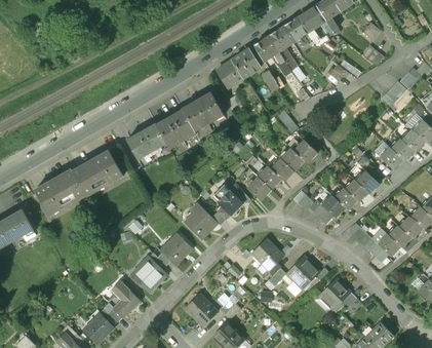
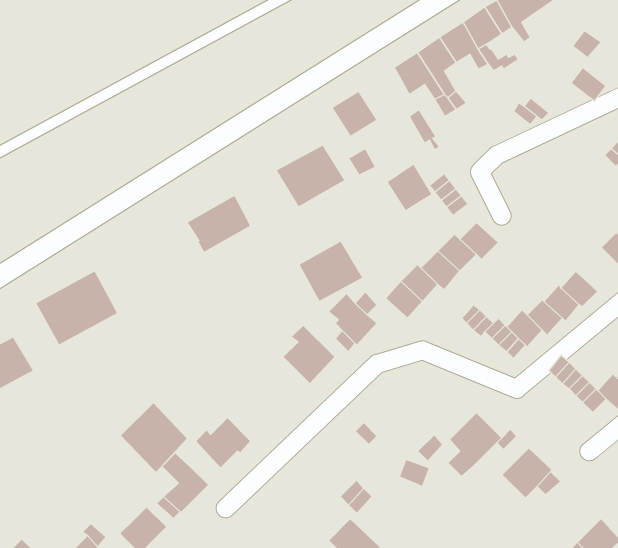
building: [232,48,260,77] -> [387,164,432,211]
building: [157,110,196,147] -> [299,241,363,301]
building: [72,150,123,196] -> none
building: [162,232,193,265] -> none
building: [254,237,282,270] -> none
building: none -> [120,402,188,472]
building: [186,296,218,320] -> none

